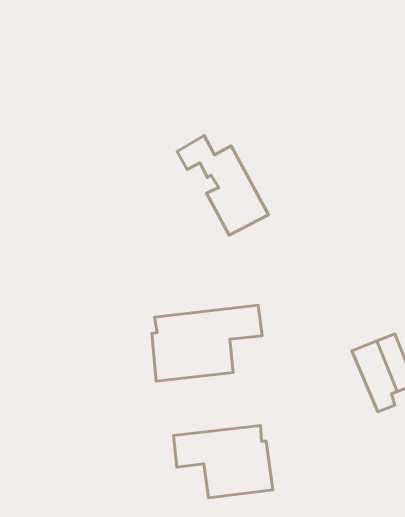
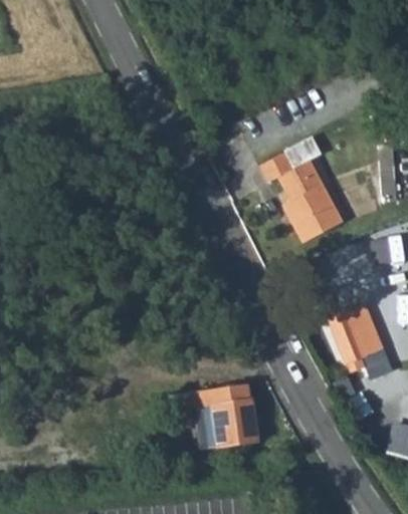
building: [177,136,269,235] -> [259,152,341,240]
building: [152,305,262,381] -> none

